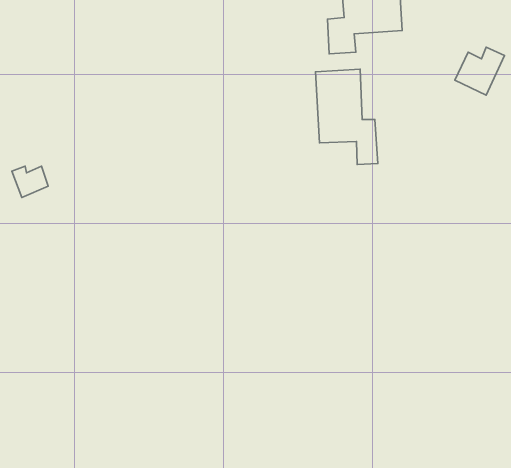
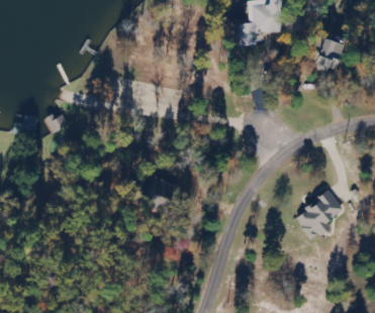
building: [315,69,378,164] -> none
building: none -> [294,190,344,237]

